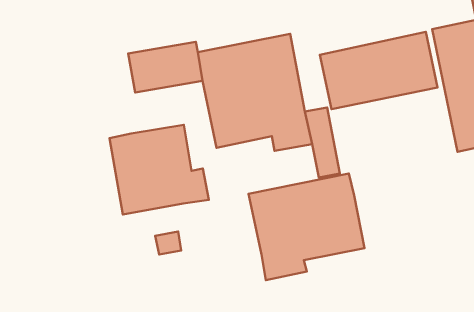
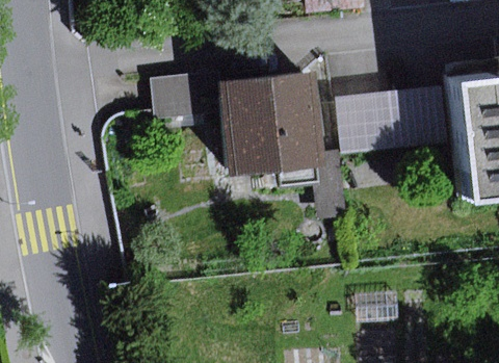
building: [109,125,209,215] -> none
building: [249,173,365,280] -> none

